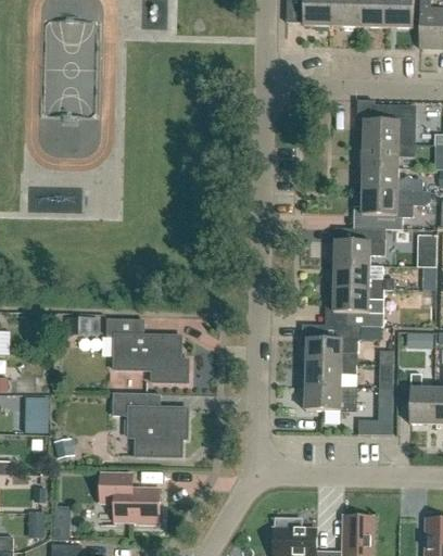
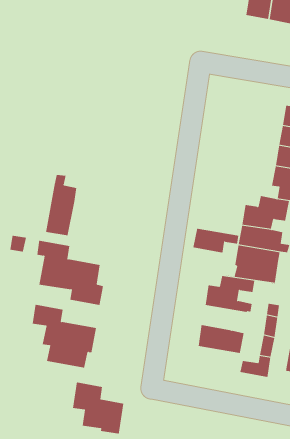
building: none -> [46,174,77,236]
building: [305,363,356,387] -> [193,228,239,253]
building: [100,471,159,523] -> [72,382,124,434]

